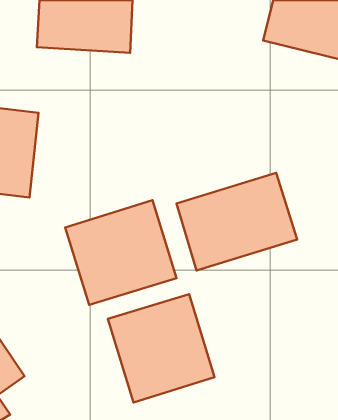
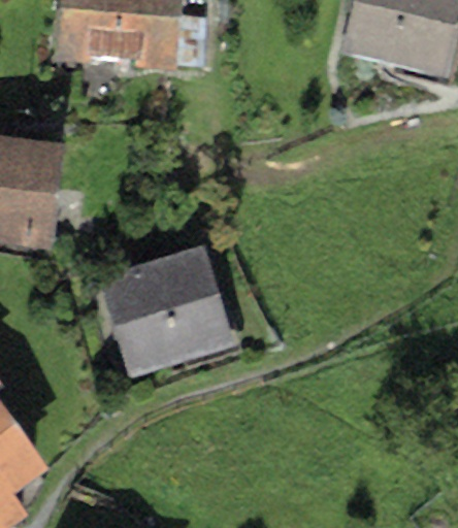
building: [177,173,297,270] -> none
building: [108,294,215,402] -> none

